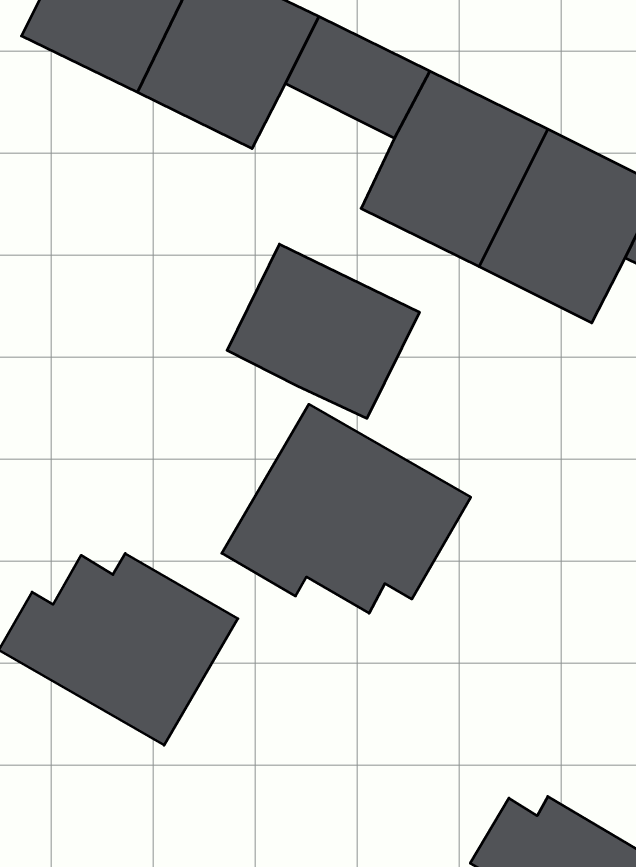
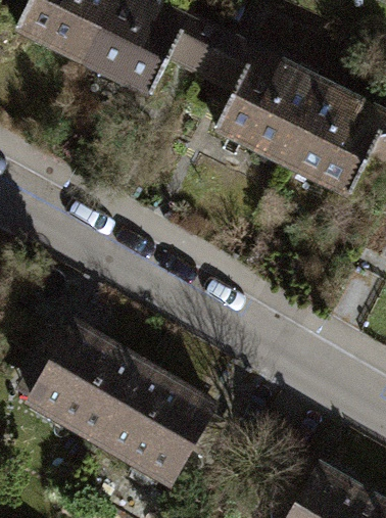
building: [227,244,419,418] -> none
building: [222,404,471,613] -> none
building: none -> [102,368,226,479]

